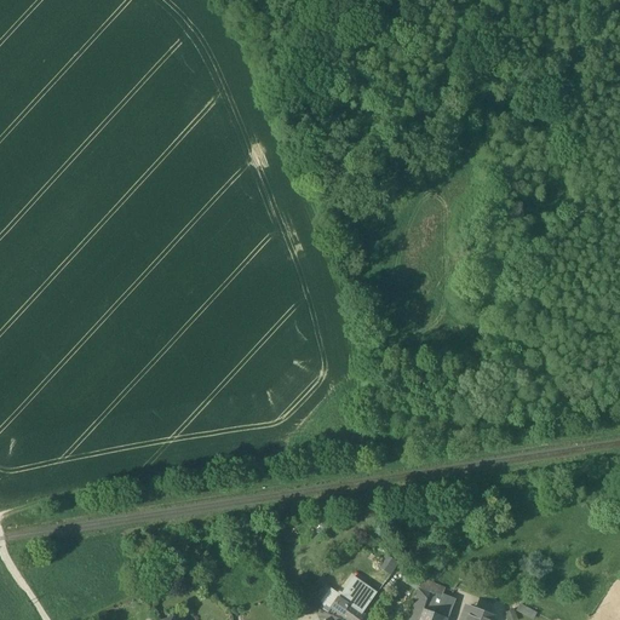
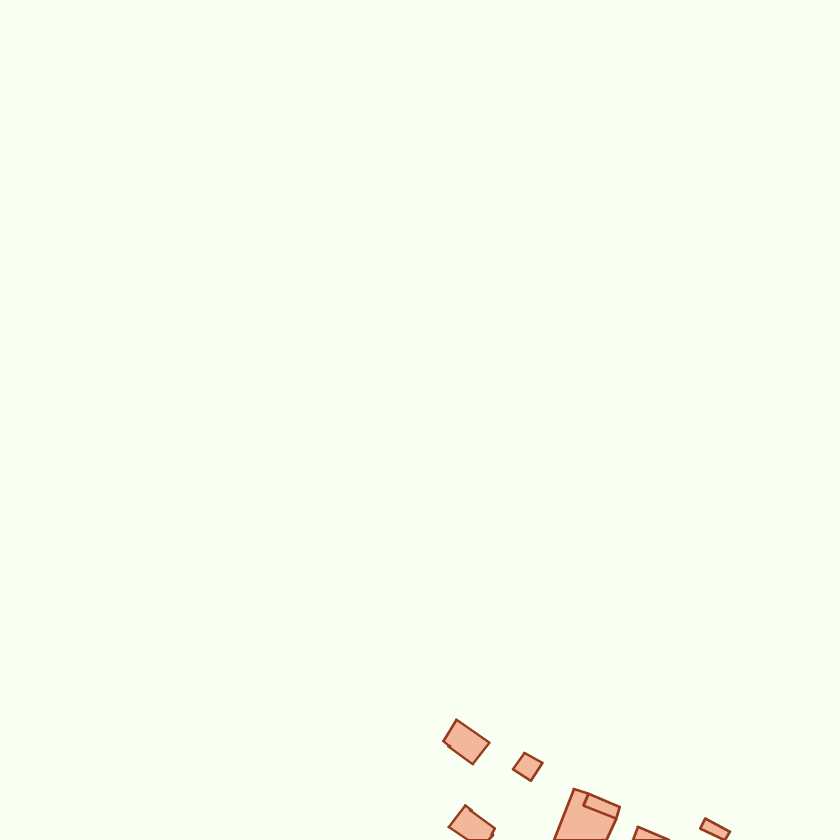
building: [343,578,377,610] -> [443,720,489,764]

